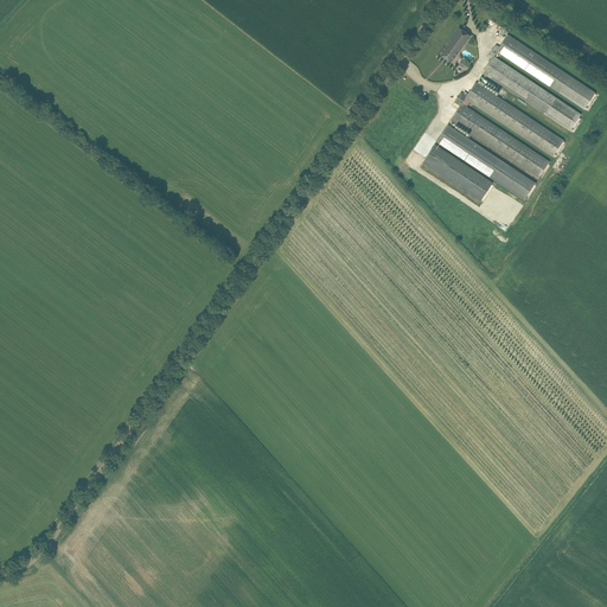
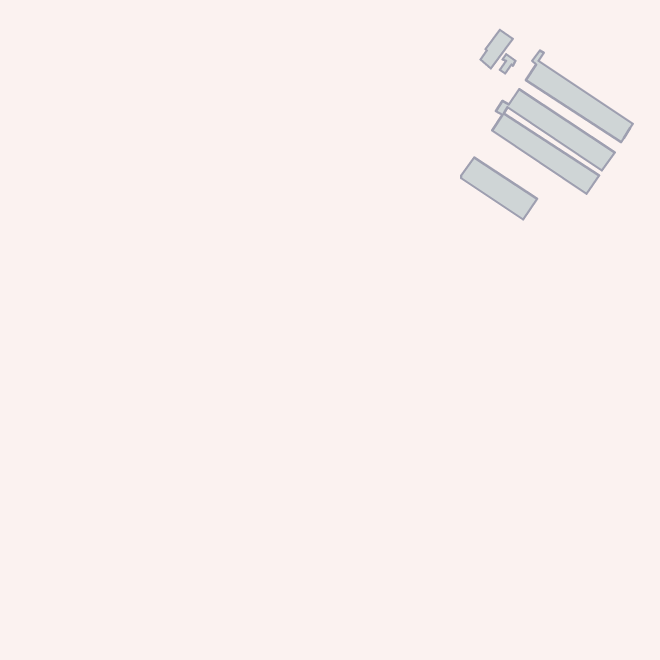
building: [497,34,595,110] -> none
building: [436,124,536,200] -> none

